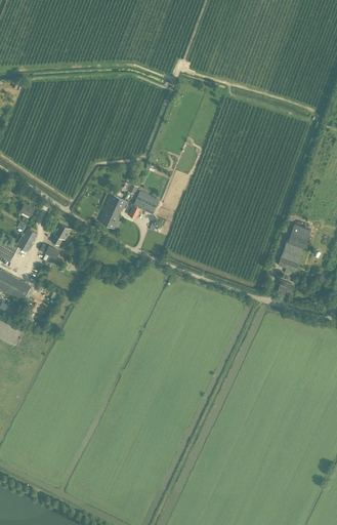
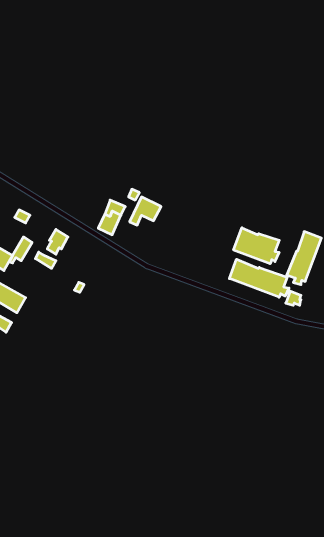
building: none -> [234,228,279,264]
building: none -> [229,259,289,297]

